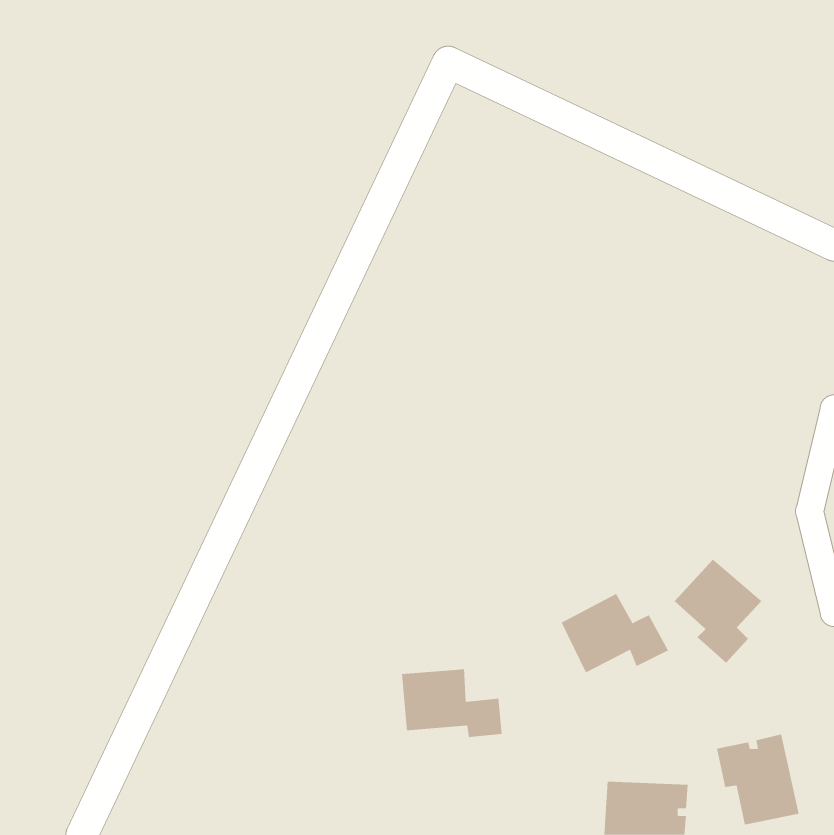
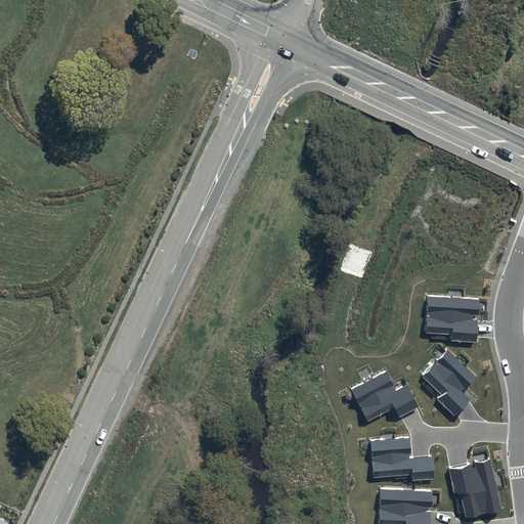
building: none -> [425,296,479,343]
building: [401,669,503,737] -> [369,438,433,481]

